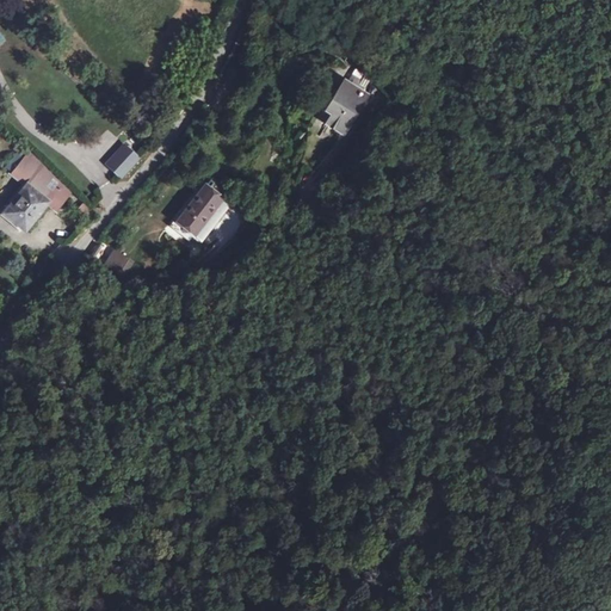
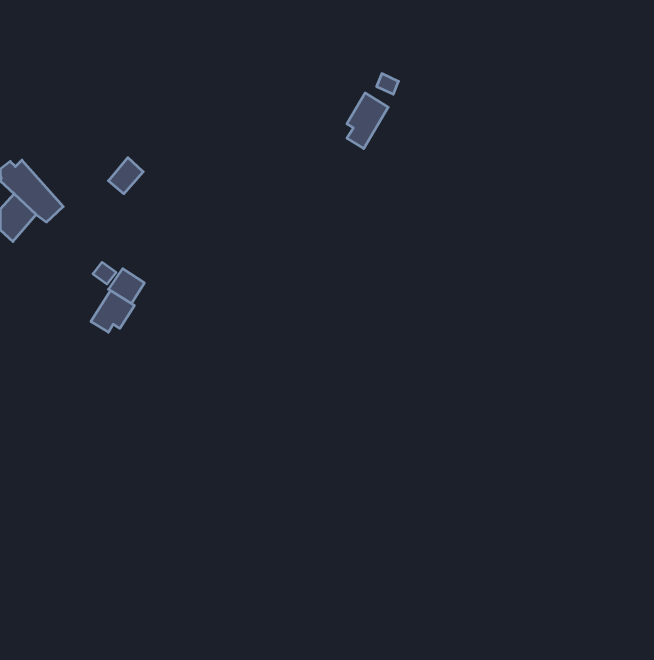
building: [185,190,228,236] -> none
building: none -> [91,291,134,332]

